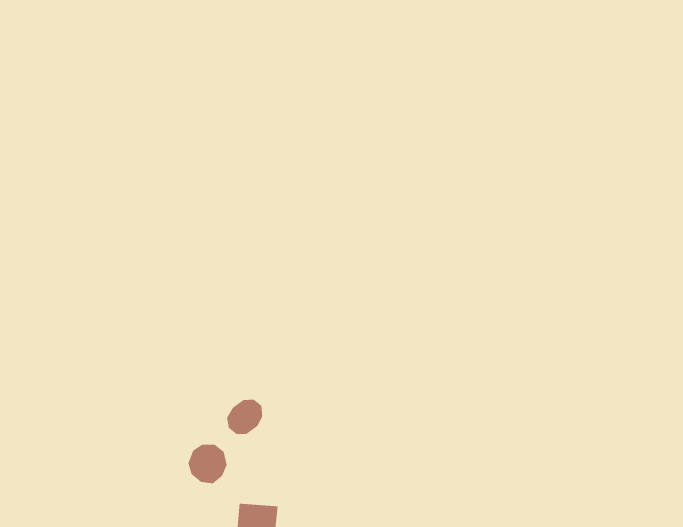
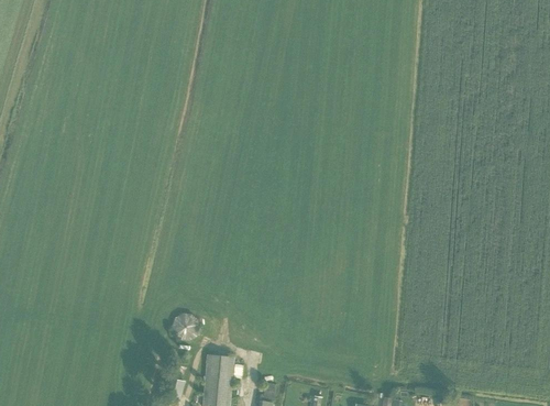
building: [226,399,263,435] -> none

